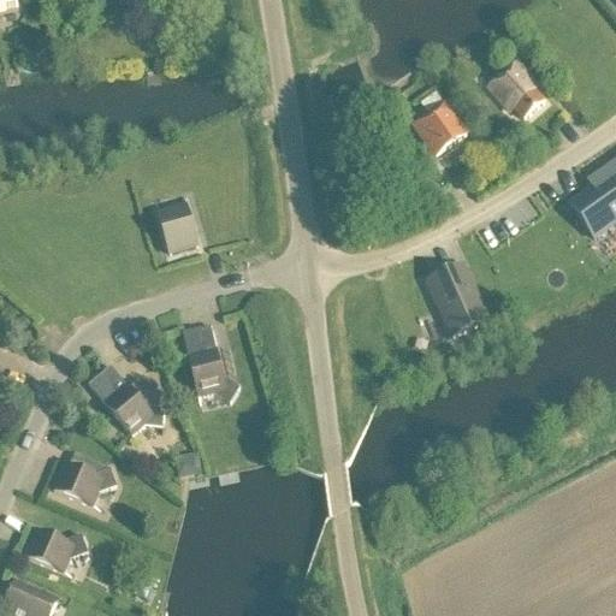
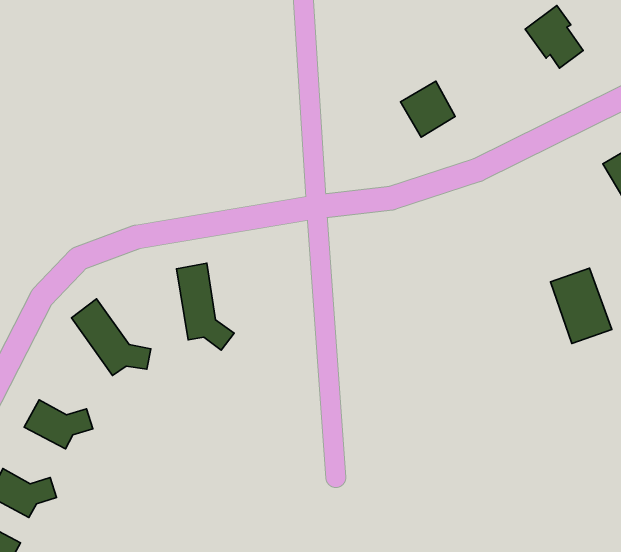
building: [414,100,466,153] -> [400,81,455,137]
building: [159,202,197,250] -> none
building: [428,263,488,334] -> [551,268,612,343]

